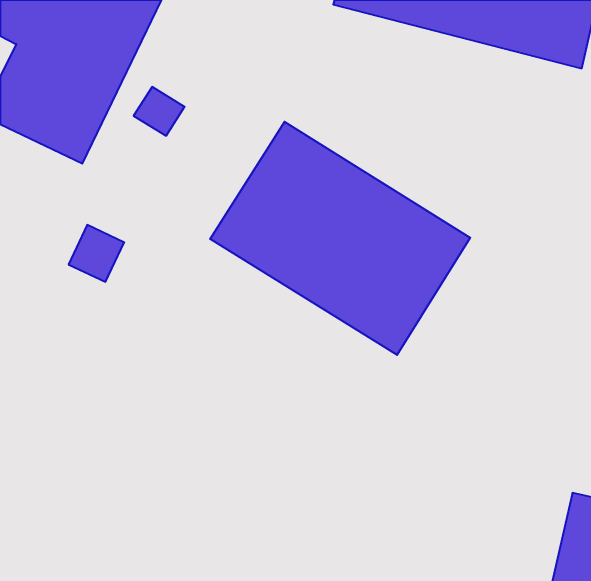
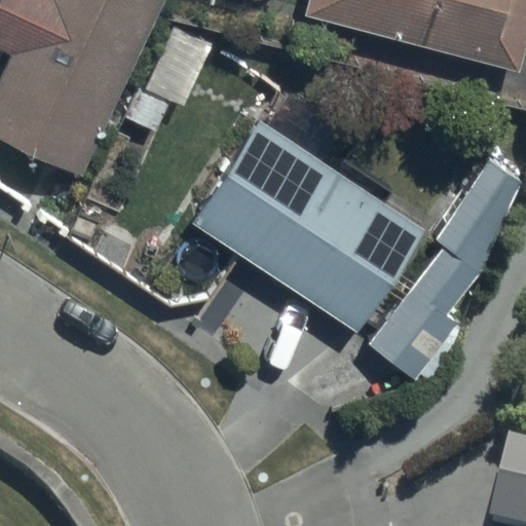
building: none -> [385,160,518,361]

